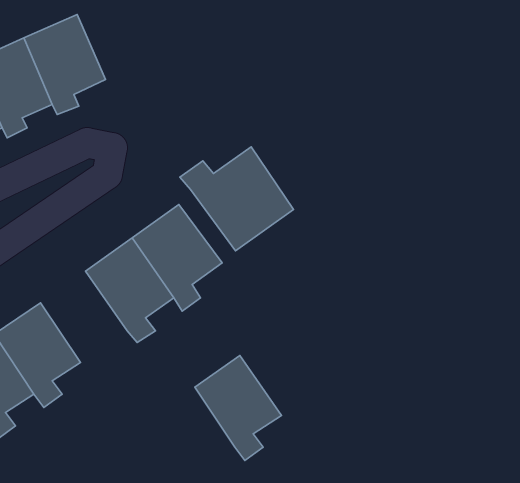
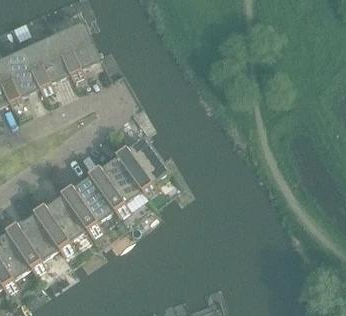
building: [180,147,294,251] -> none
building: [195,356,282,461] -> [54,176,106,239]

